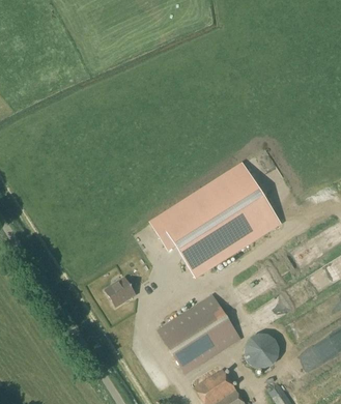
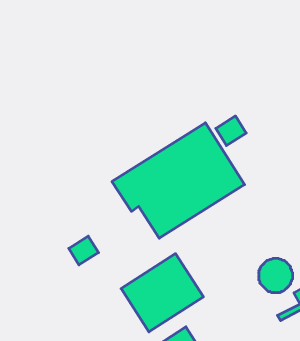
building: none -> [216,116,246,146]
building: [245,333,279,367] -> [259,258,293,292]

